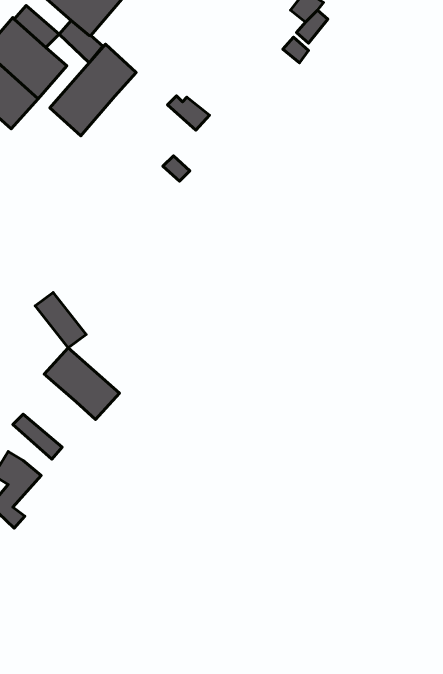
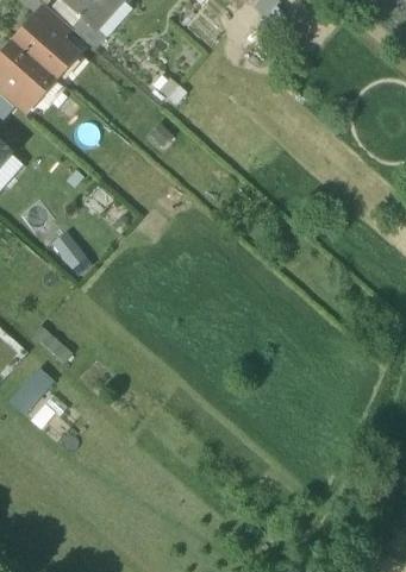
building: [50,44,136,136] -> none
building: [44,348,119,419] -> none

